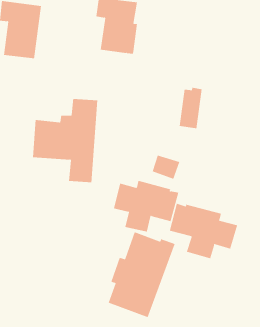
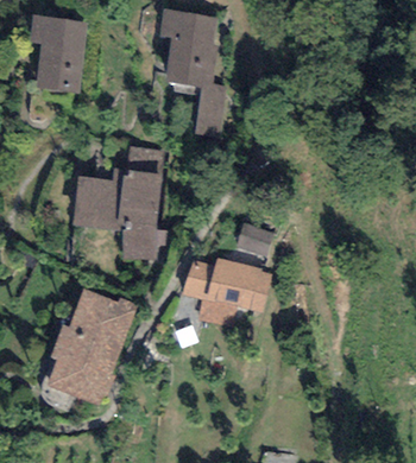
building: [179,87,202,129] -> [194,83,226,139]
building: [169,203,238,259] -> none
building: [108,231,176,318] -> [46,288,138,405]

